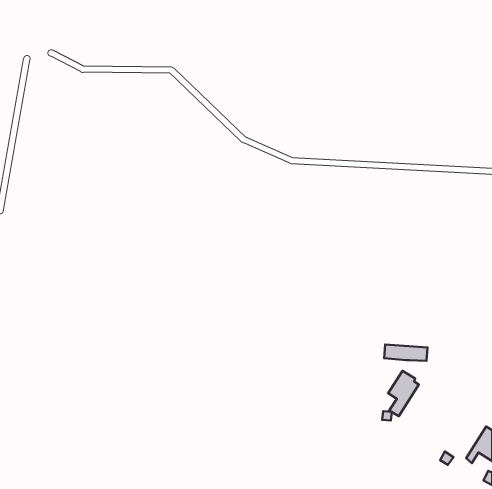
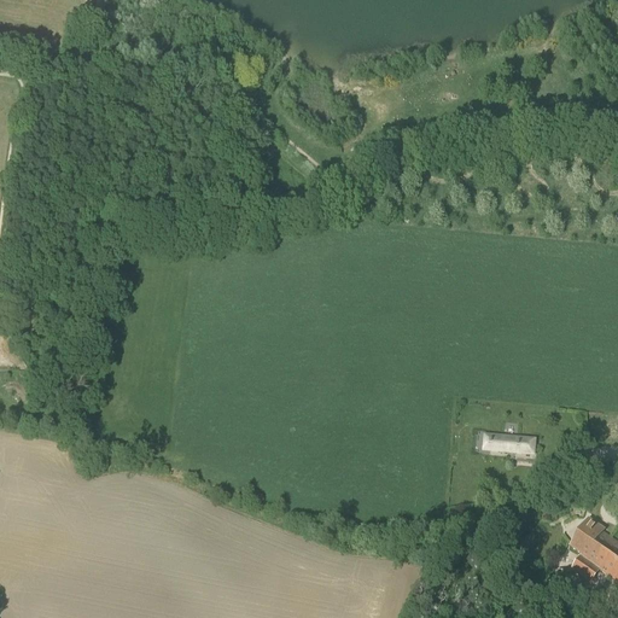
building: [388,371,419,416] -> [571,518,610,575]

